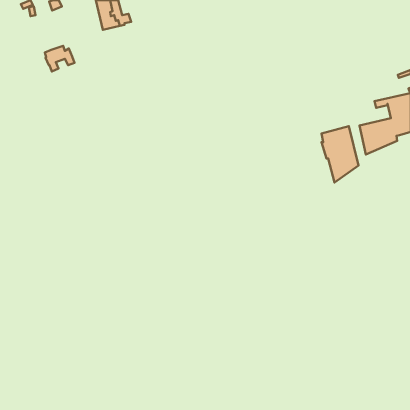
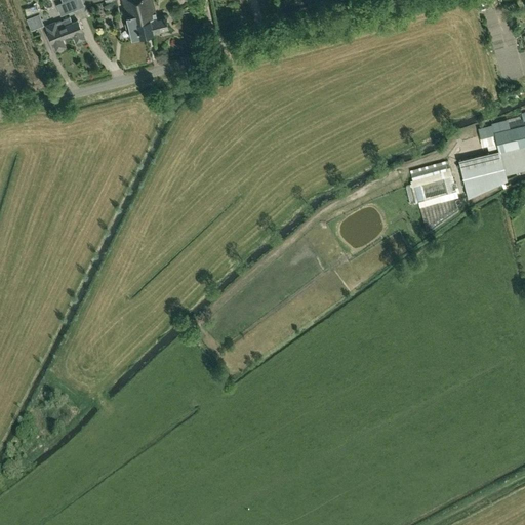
building: [45,46,74,72] -> [47,18,85,51]

